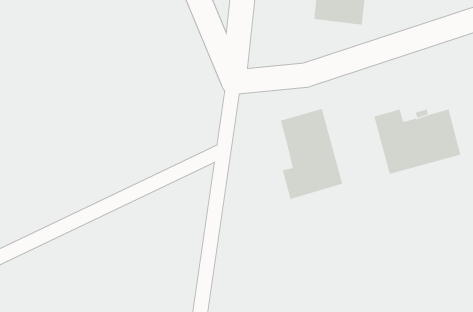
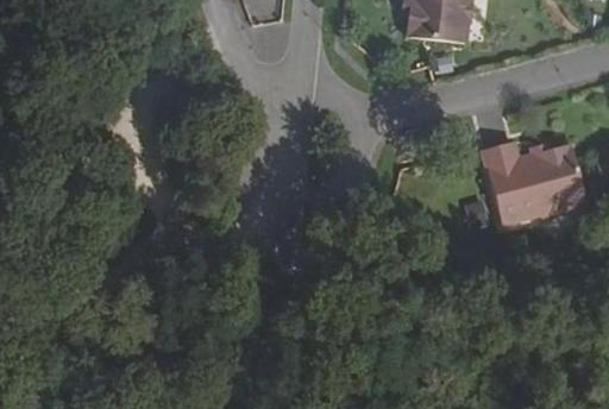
building: [280,108,343,200] -> none

